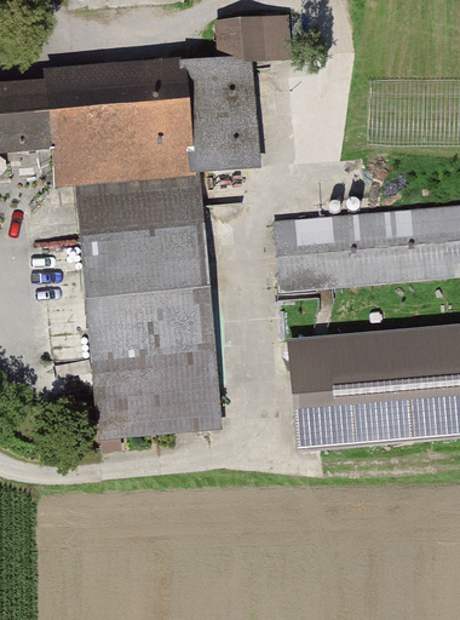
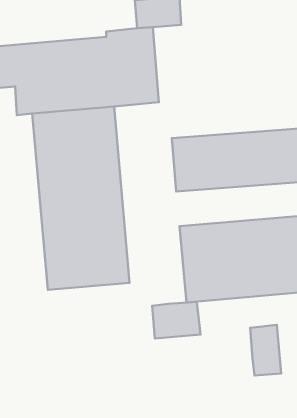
building: none -> [152,302,200,338]
building: none -> [250,325,281,375]

